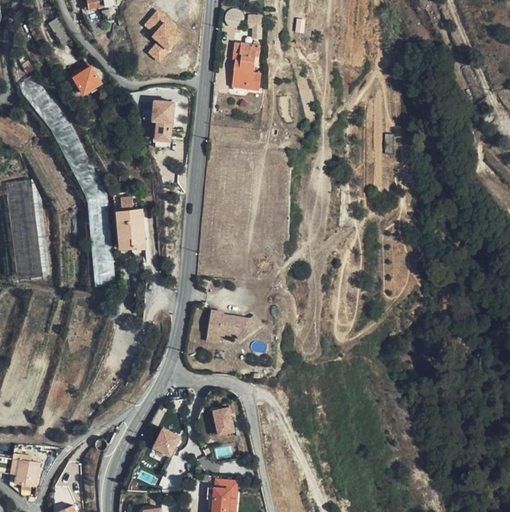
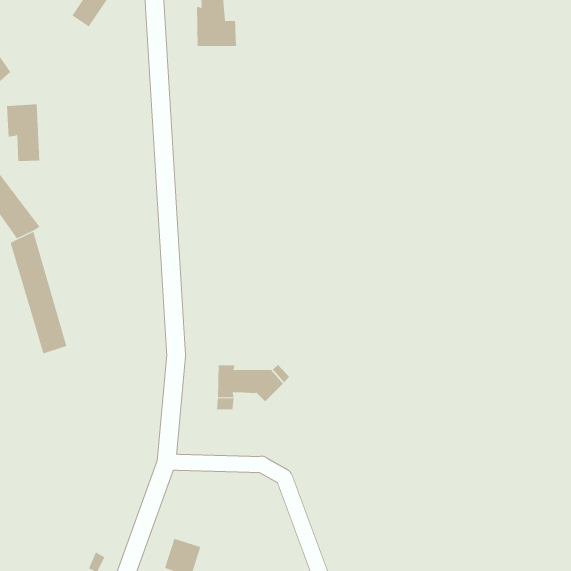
building: [152,98,176,140] -> [6,104,40,161]
building: [108,204,139,248] -> none
building: [214,405,236,434] -> none

